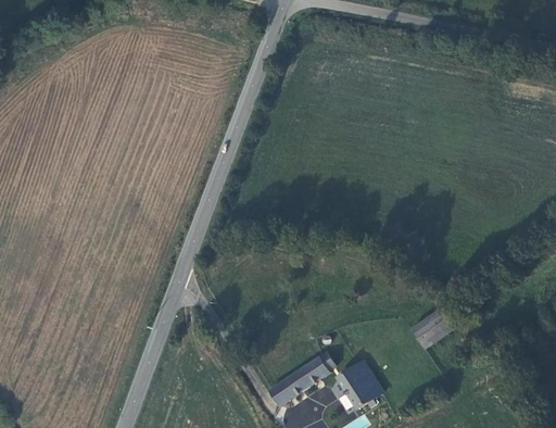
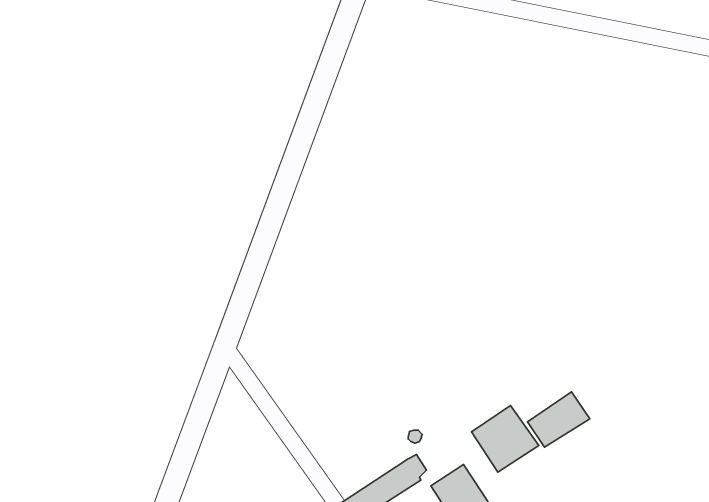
building: none -> [471,406,539,472]

